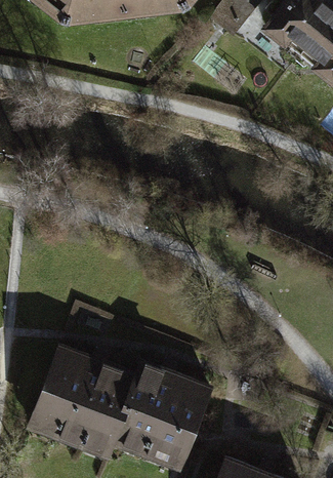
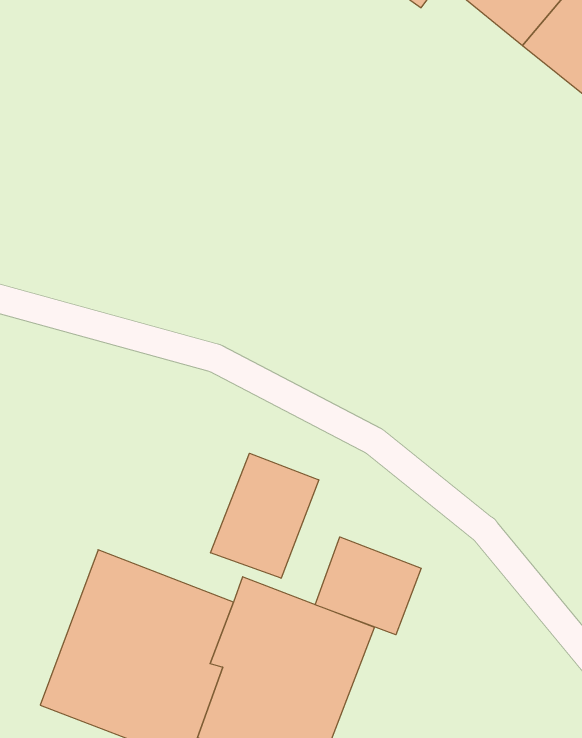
building: none -> [211,453,319,578]
building: none -> [315,537,421,635]

